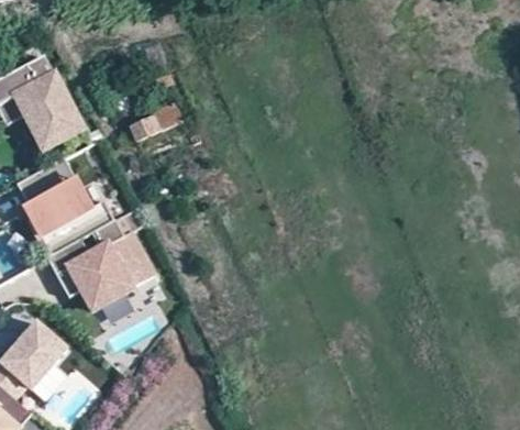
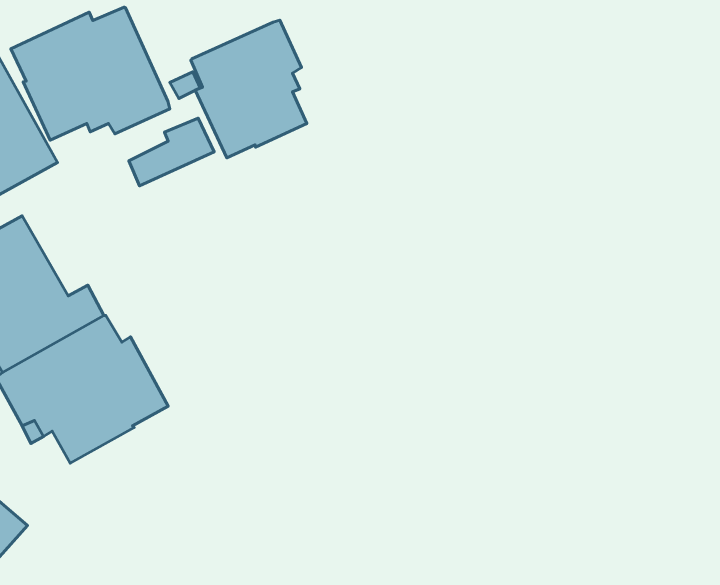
building: none -> [11,7,170,140]
building: none -> [191,20,307,158]

